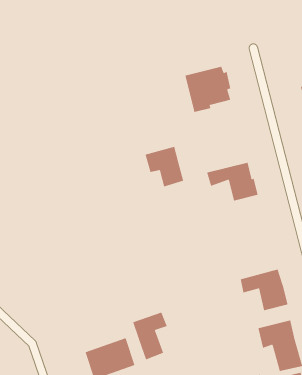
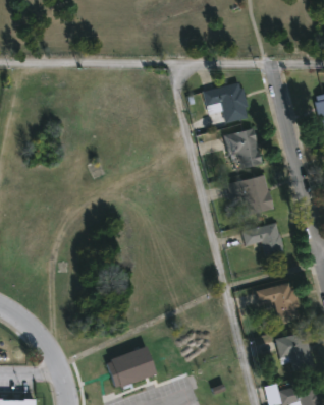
building: [145,146,184,188] -> [223,128,262,169]
building: none -> [241,222,285,261]
building: [132,311,168,360] -> none

